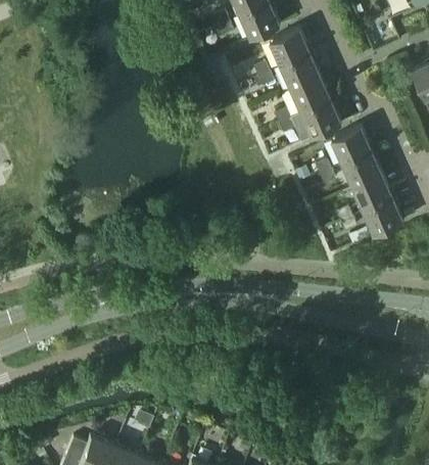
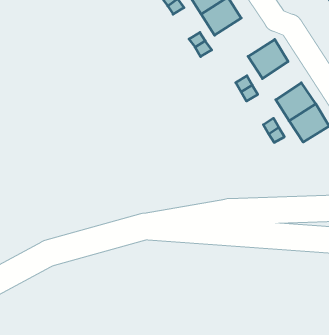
building: [299,100,340,138] -> none
building: [341,151,380,188] -> none

